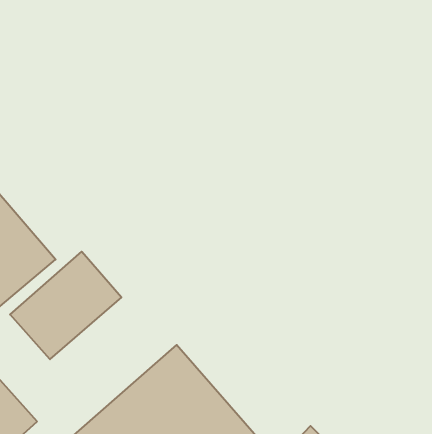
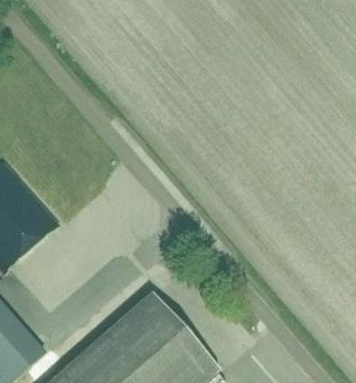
building: [10,252,121,359] -> none

